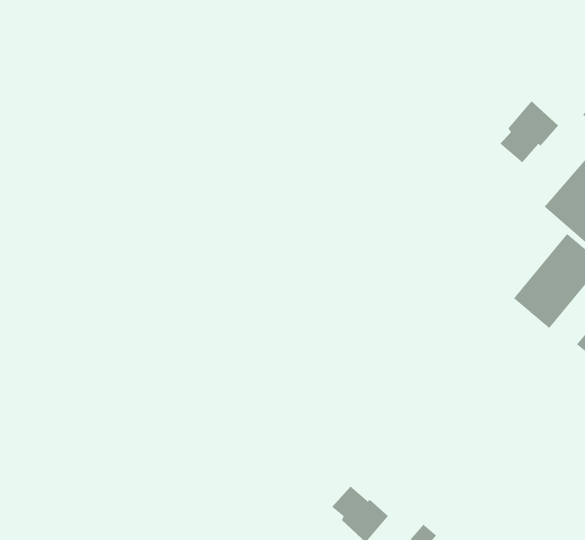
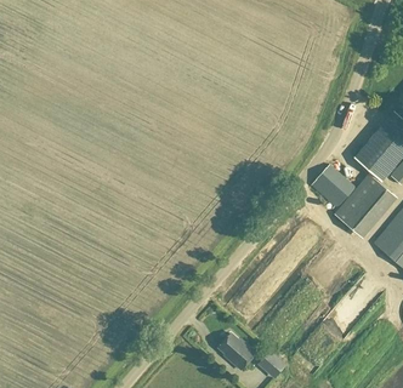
building: [499,101,559,163] -> none
building: none -> [310,164,353,206]

